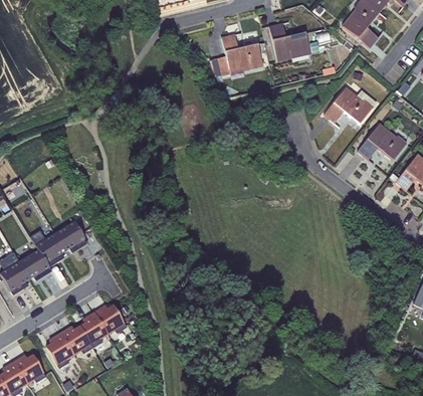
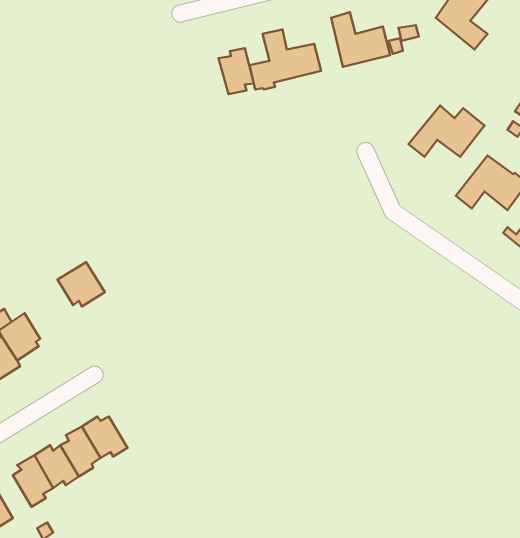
building: none -> [219,48,254,94]
building: [54,221,87,252] -> [57,262,105,307]

